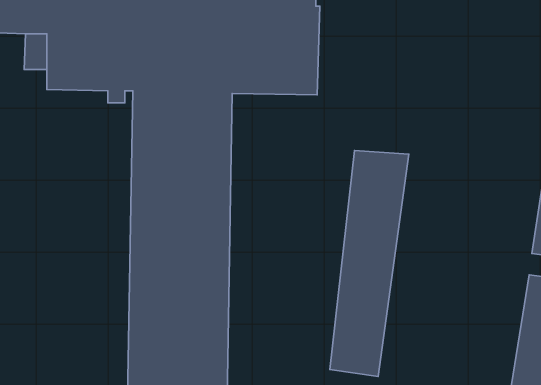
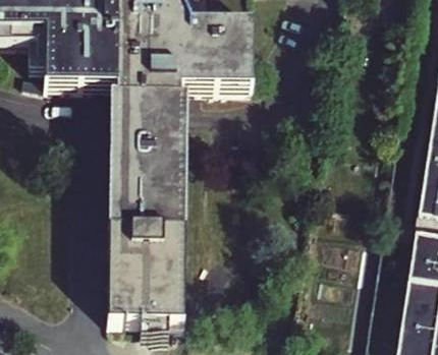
building: [330,151,409,376] -> none

